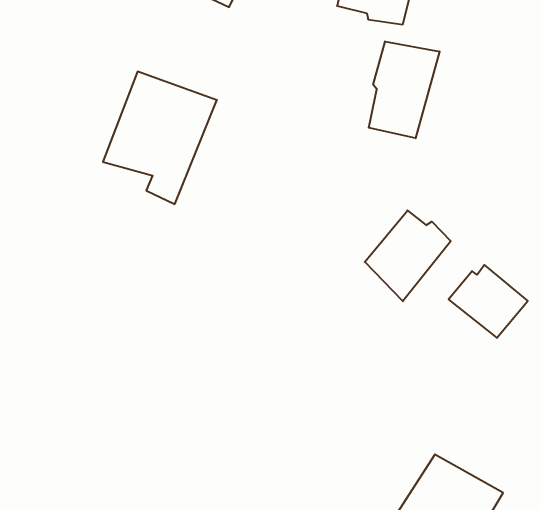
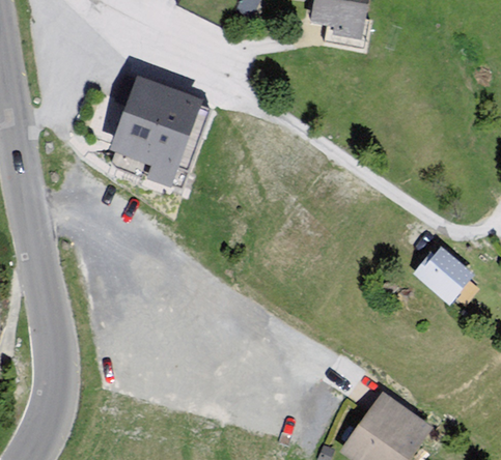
building: [369,41,440,138] -> none
building: [365,210,451,301] -> none

